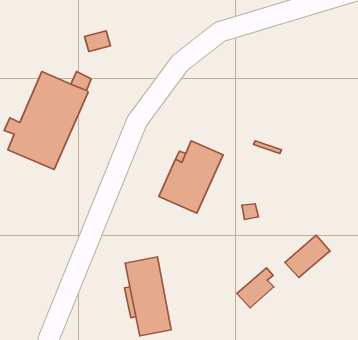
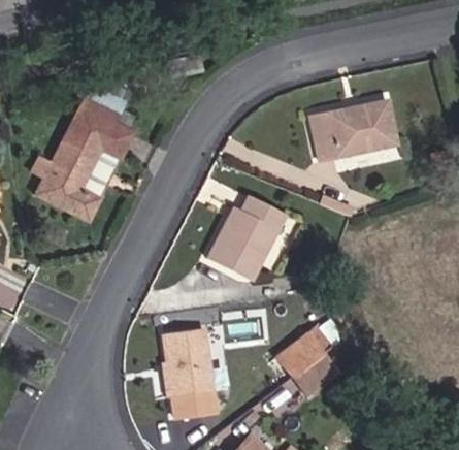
building: none -> [310,99,397,160]
building: [285,235,330,278] -> [276,327,330,376]

